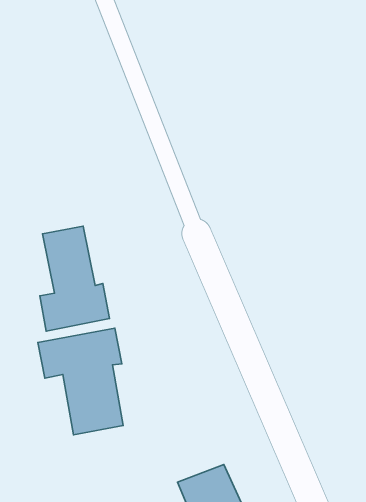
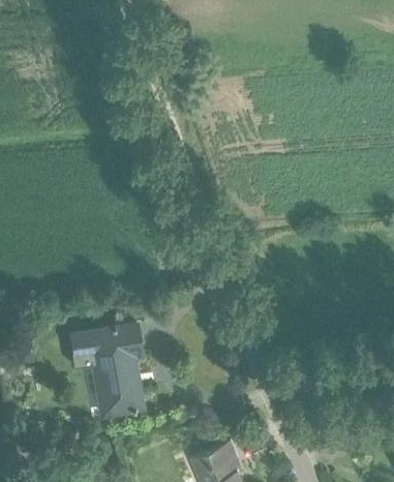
building: [40,226,109,331] -> none

